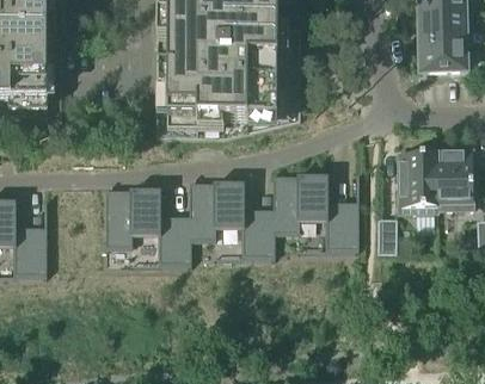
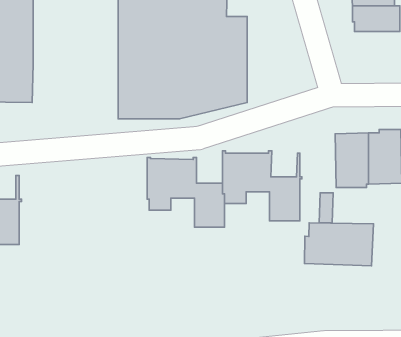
building: [417,41,465,69] -> none
building: [105,187,191,265] -> none
building: none -> [304,223,373,266]

